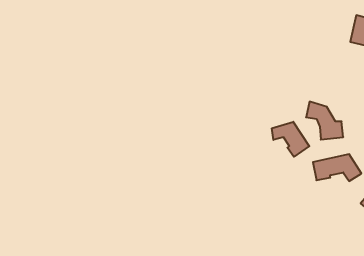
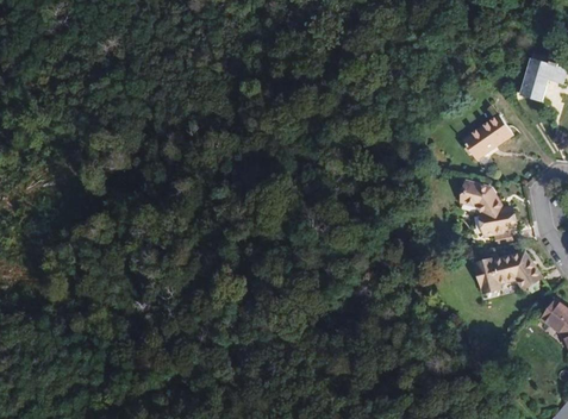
building: none -> [460,118,512,165]
building: [272,122,309,157] -> none

